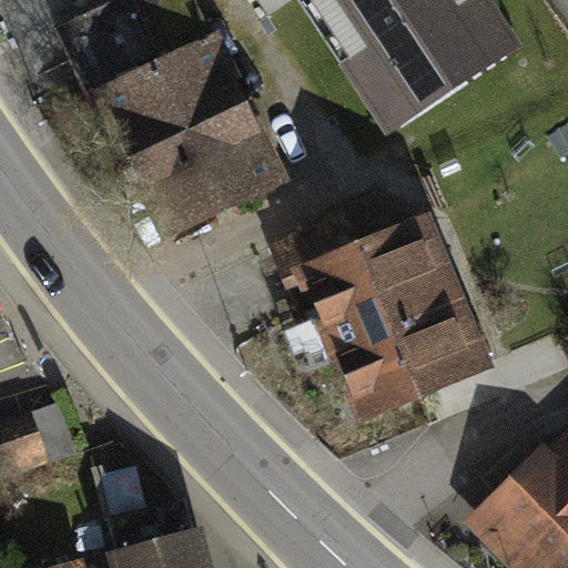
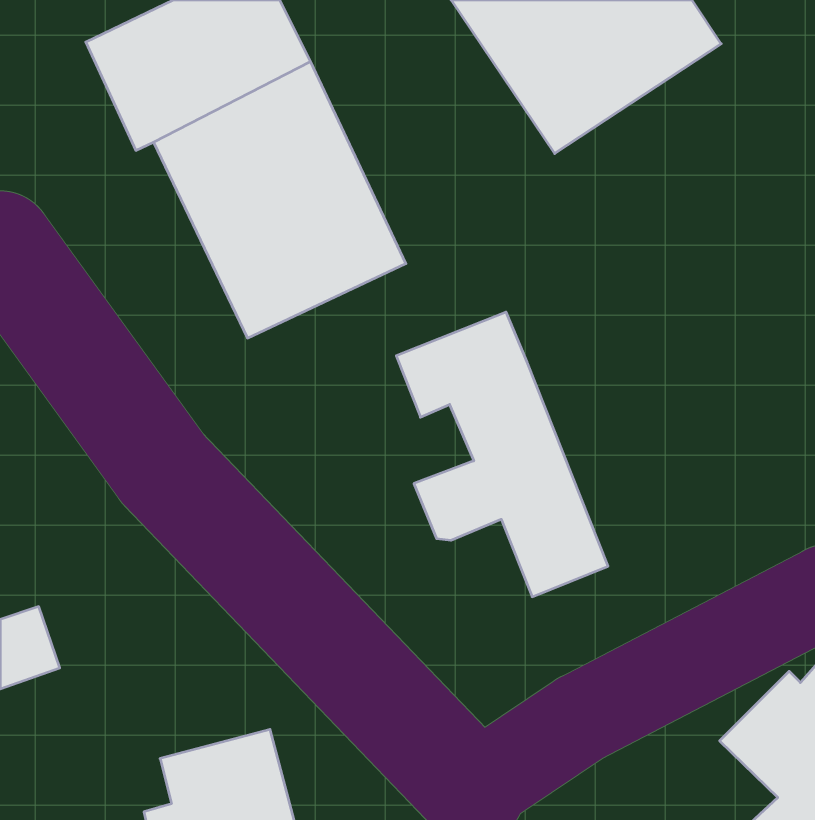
building: [369,234,497,393] -> none

